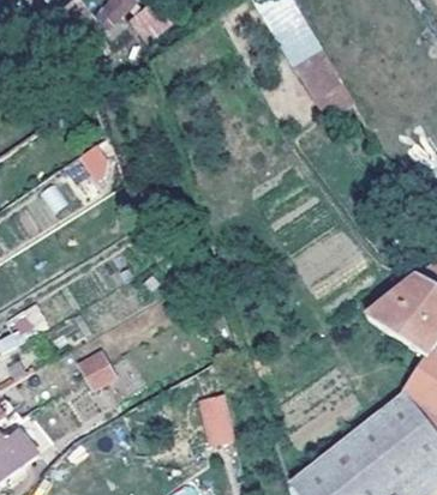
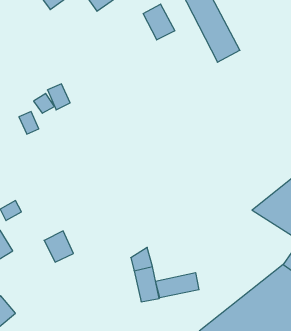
building: none -> [143,4,175,40]
building: none -> [156,273,199,298]

